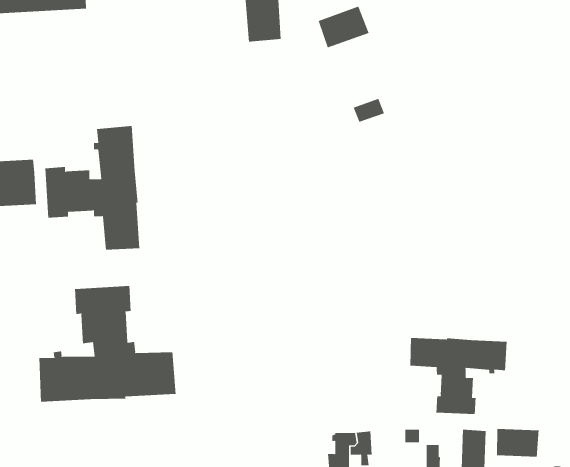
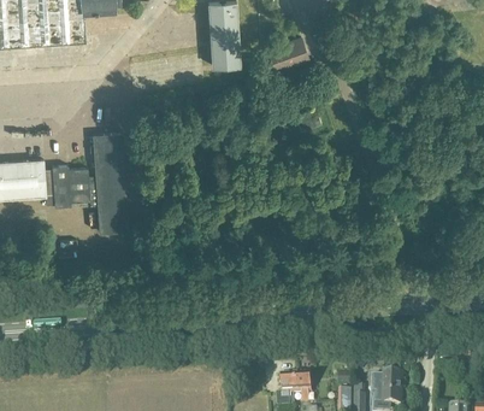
building: [39,285,176,403] -> none
building: [410,337,507,415] -> none
building: [496,428,539,457] -> none

